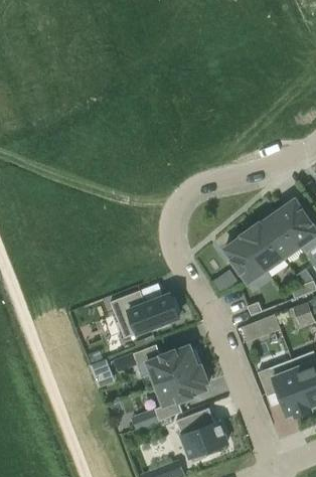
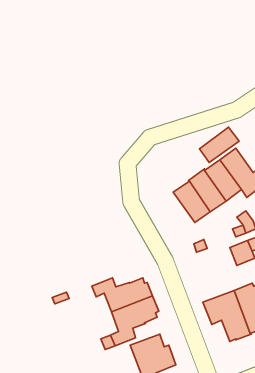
building: none -> [199,127,239,163]
building: [109,291,179,338] -> none
building: [240,316,278,344] -> none

